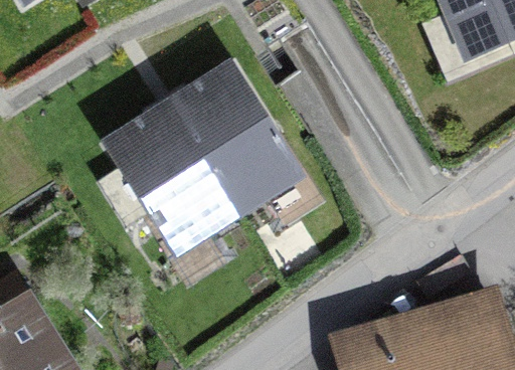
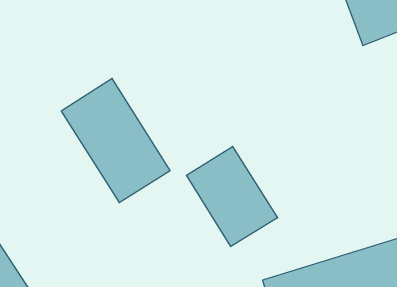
building: [166,67,293,212] -> none
building: none -> [186,146,278,247]

